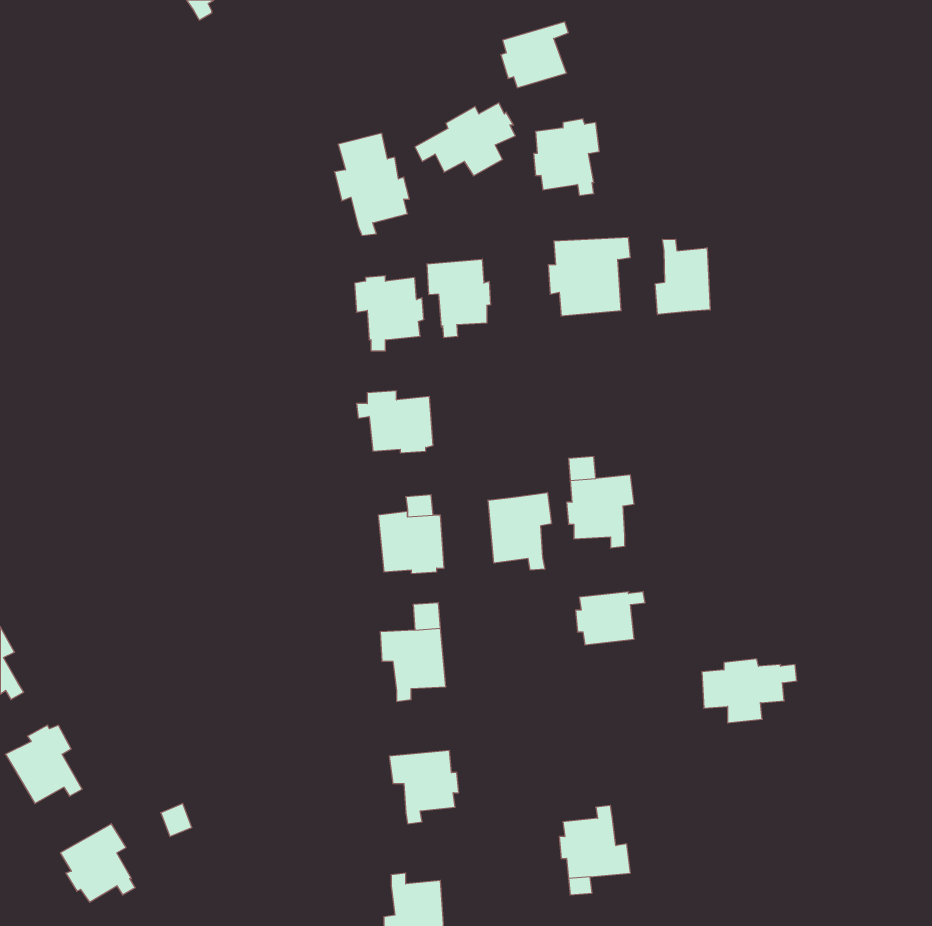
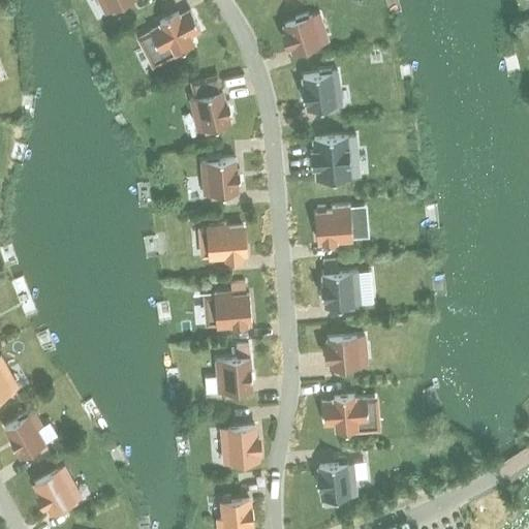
building: [415,103,515,176] -> [144,13,200,55]
building: [655,239,710,315] -> none
building: [427,259,491,338] -> none
building: none -> [315,209,356,246]
building: [488,492,551,570] -> none
building: [702,659,797,723] -> [322,398,376,434]

